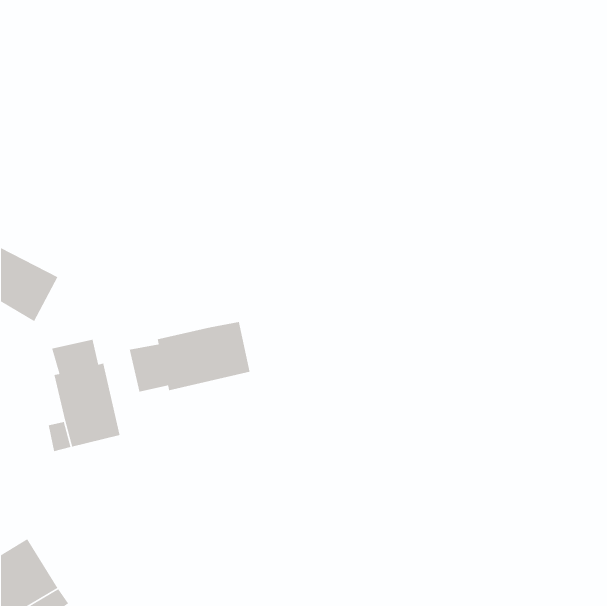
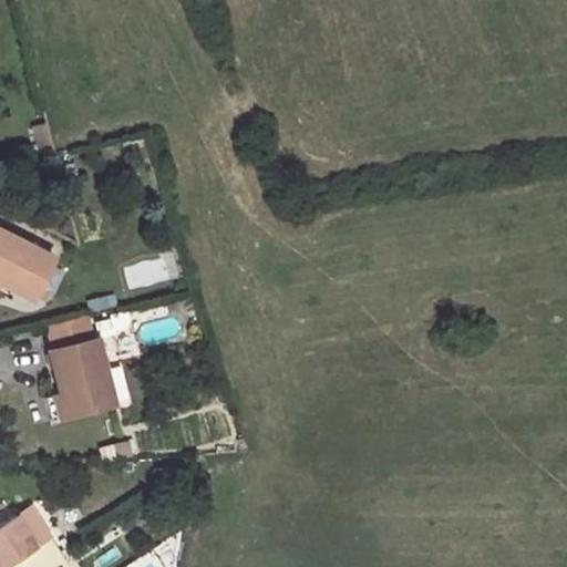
building: [129,321,251,393] -> none

